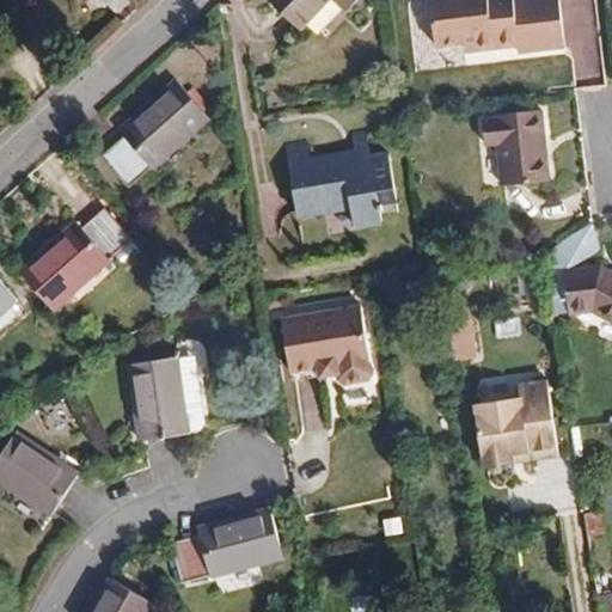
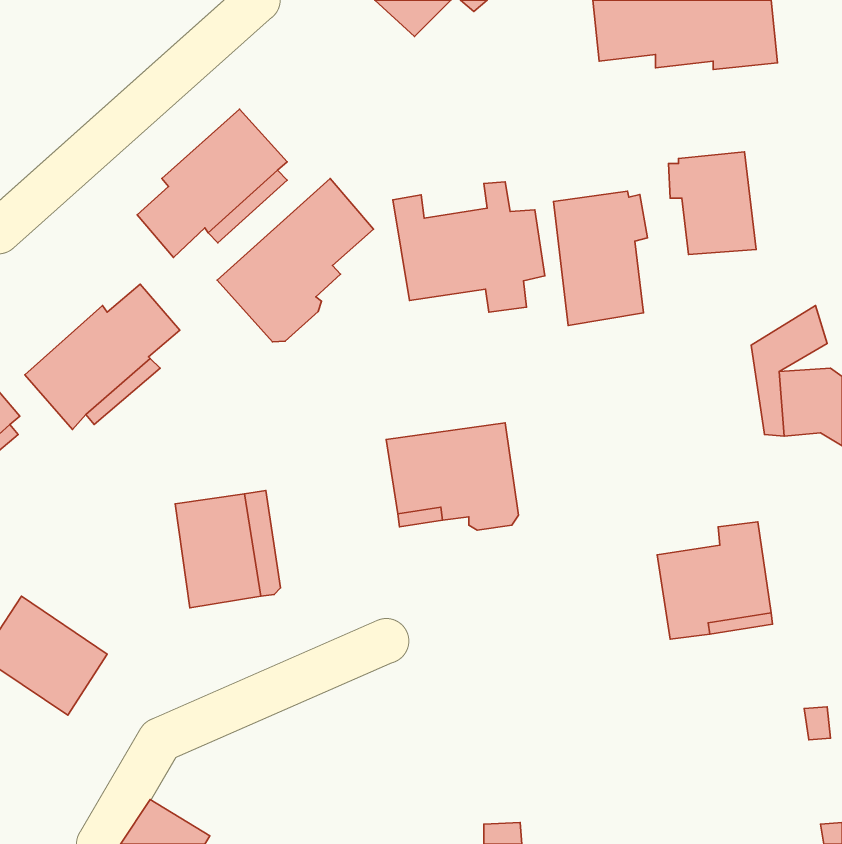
building: none -> [217,179,374,342]
building: none -> [554,191,648,326]
building: [169,507,282,582] -> none

